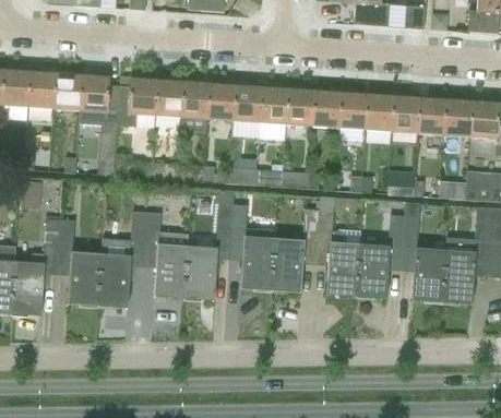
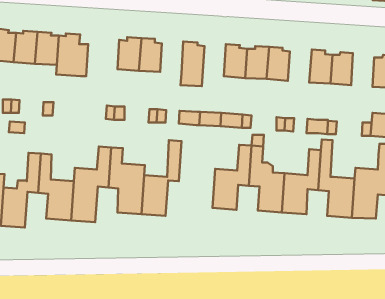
building: [117,75,157,128] -> none
building: [207,82,236,122] -> none
building: [259,85,288,140] -> none
building: [365,92,394,133] -> none
building: [442,97,470,139] -> none
building: [230,205,275,287] -> none

